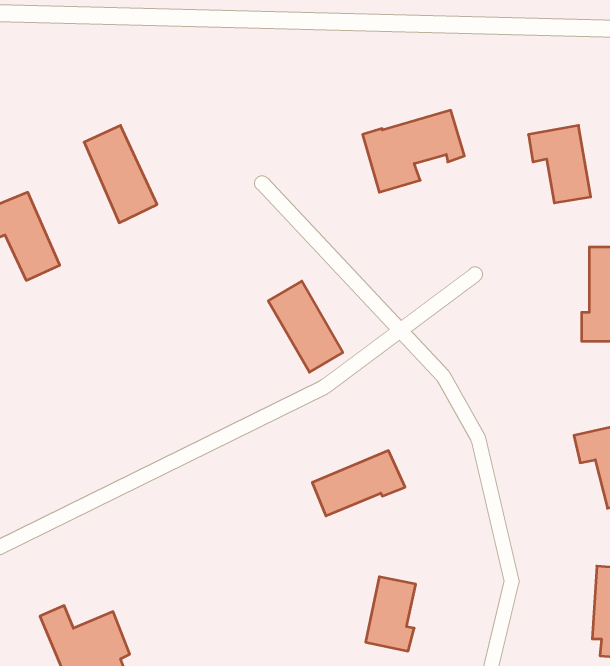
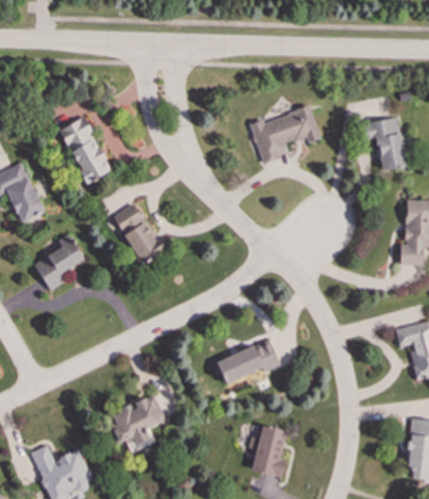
building: [268,281,343,372] -> [113,202,164,265]
building: none -> [33,233,84,290]
building: none -> [111,394,165,453]

